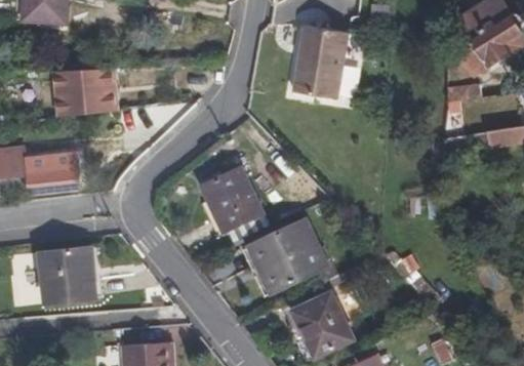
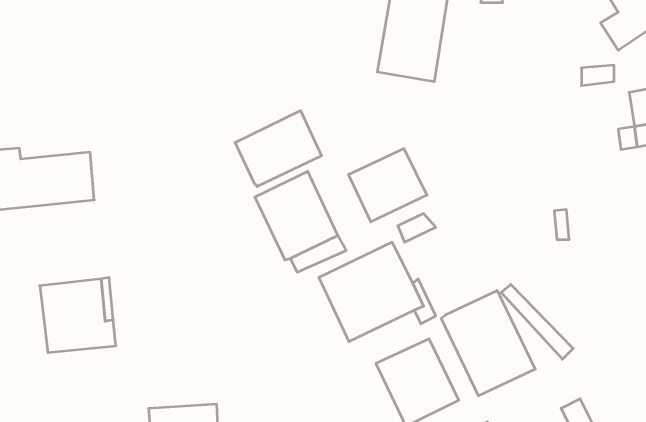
building: [53,69,116,116] -> none
building: none -> [235,111,322,187]
building: none -> [349,149,427,222]
building: none -> [441,290,535,396]

